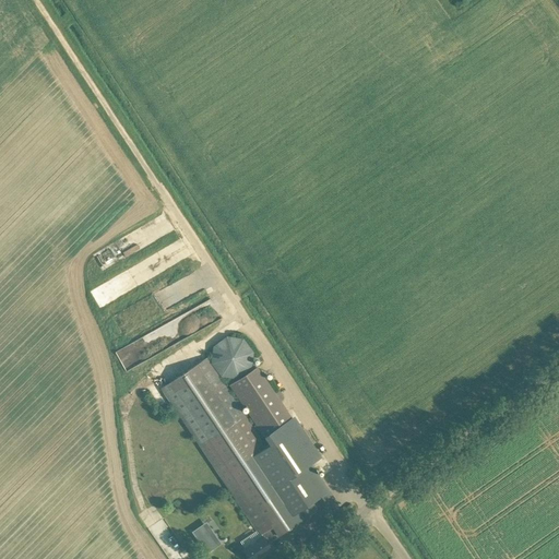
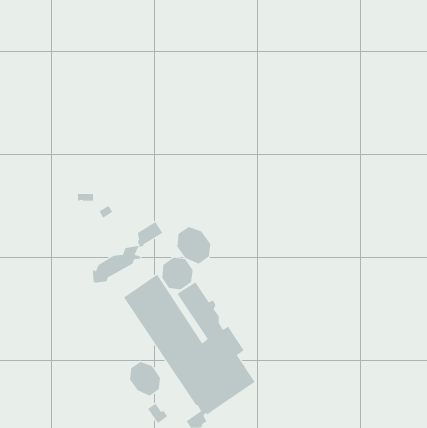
building: none -> [177,226,211,264]
building: none -> [130,361,160,396]

